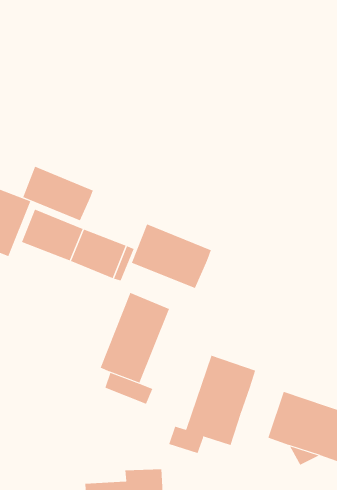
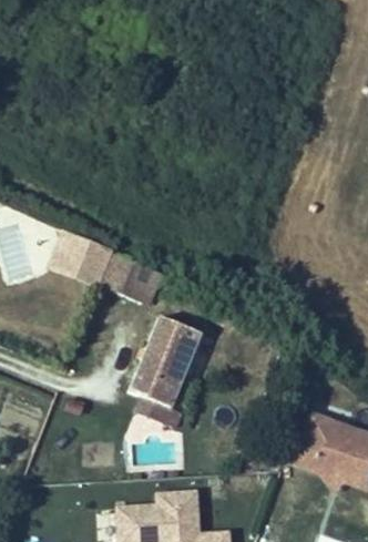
building: [22,166,93,221] -> none
building: [131,223,211,289] -> none
building: [169,355,256,454] -> none

